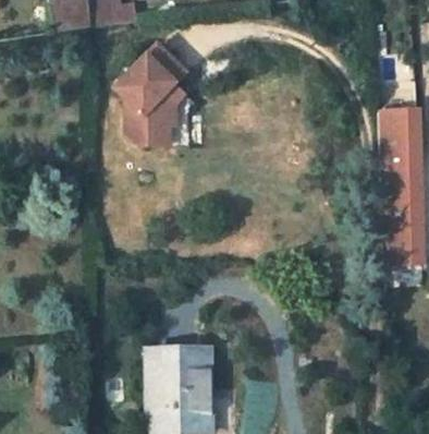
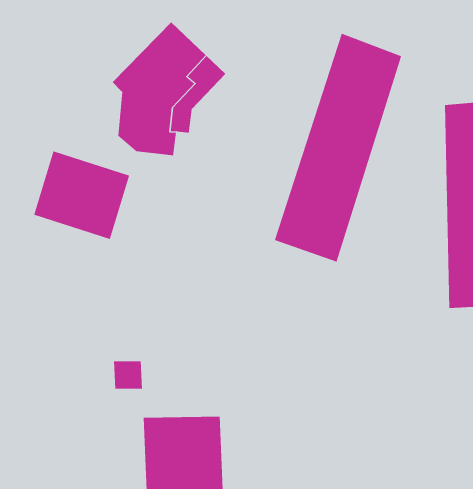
building: none -> [274,33,402,262]
building: none -> [34,150,130,240]

